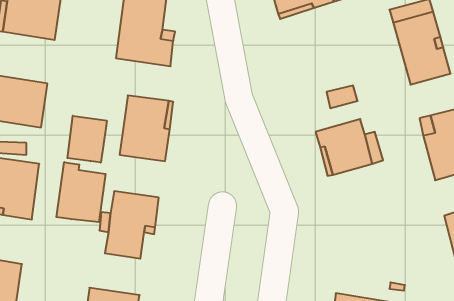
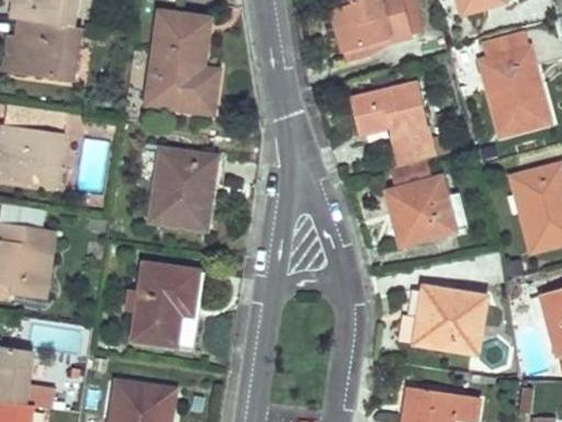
building: none -> [351,84,426,134]
building: [67,116,107,163] -> none
building: [56,162,106,222] -> none
building: none -> [414,286,485,353]

